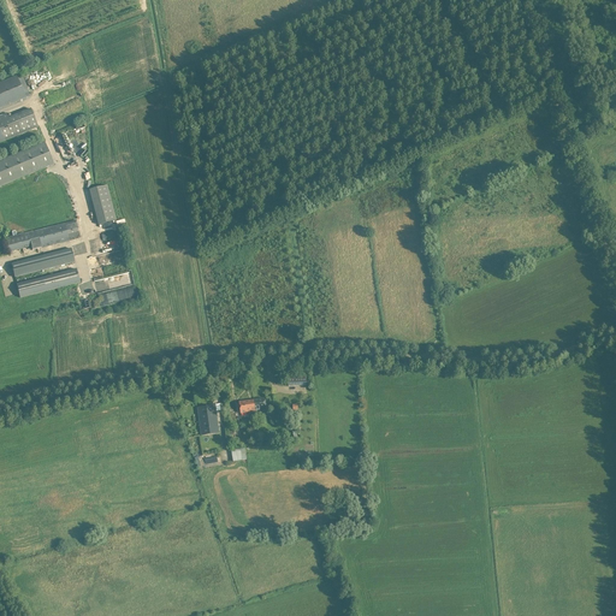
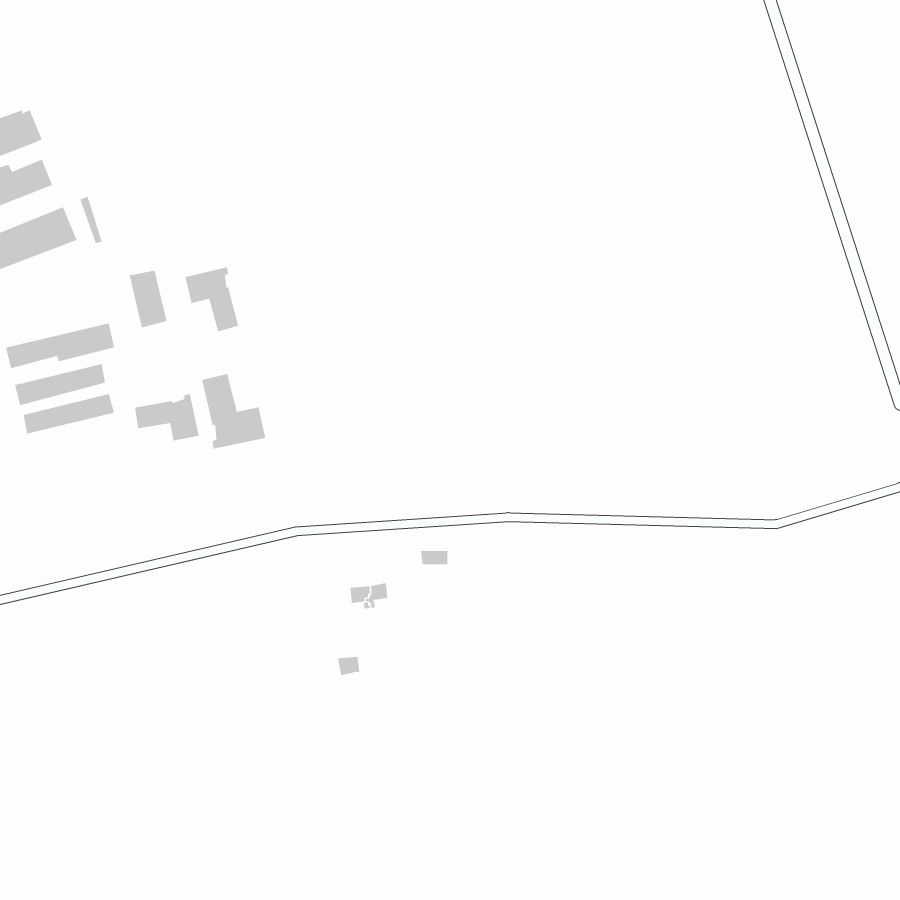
building: none -> [185,267,239,332]
building: none -> [202,373,266,450]
building: [196,404,218,434] -> none

